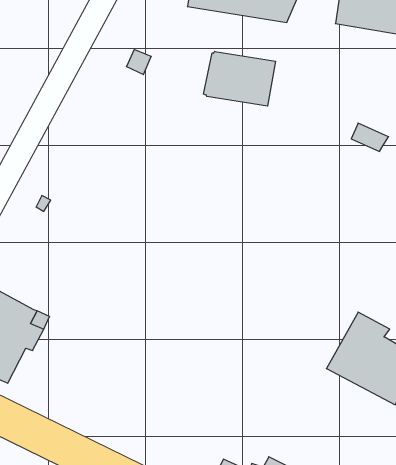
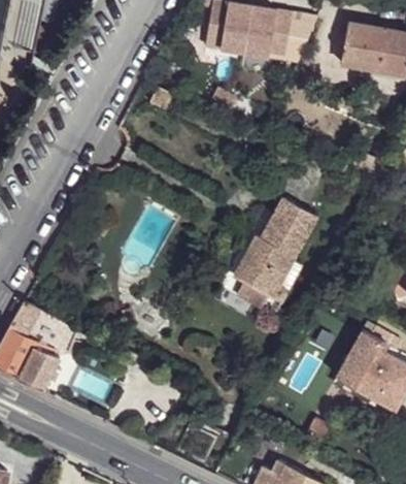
building: [204,51,275,106] -> none
building: none -> [231,197,318,298]

